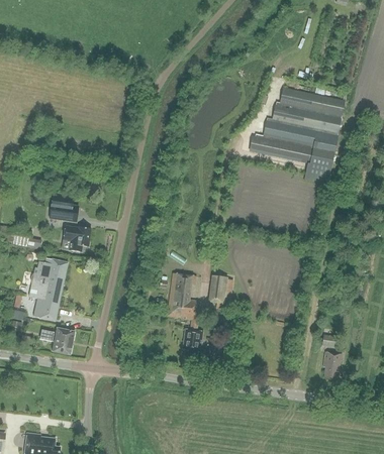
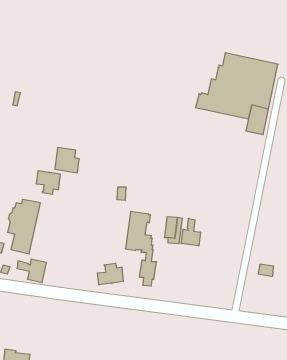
building: [50,192,78,221] -> [55,148,79,173]
building: none -> [181,218,200,246]
building: none -> [97,263,123,285]
building: [323,351,342,378] -> none

